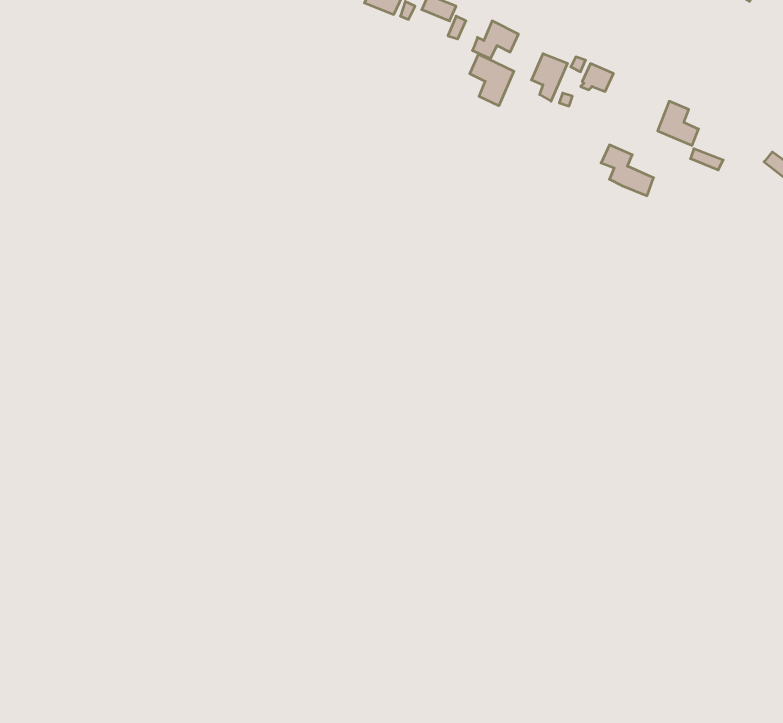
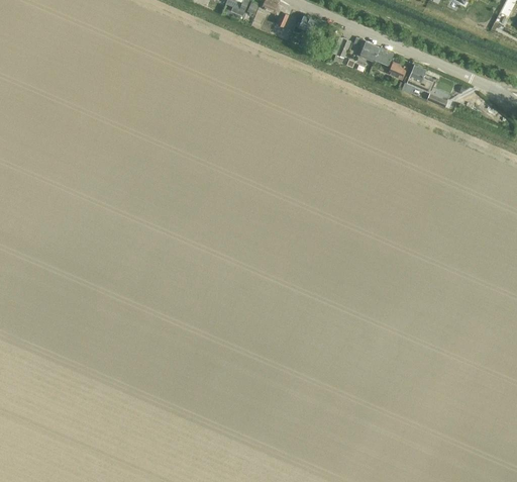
building: [470,54,514,106] -> none
building: [601,145,654,196] -> [374,47,406,79]

